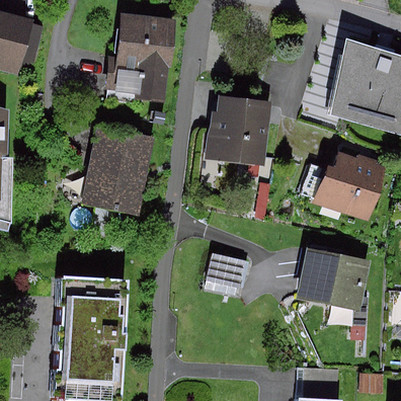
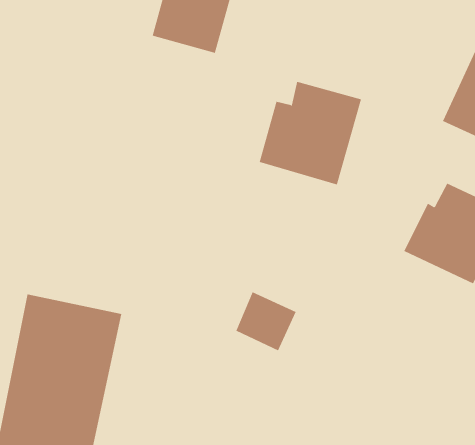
building: [86,127,152,208] -> none
building: [301,254,369,305] -> none

